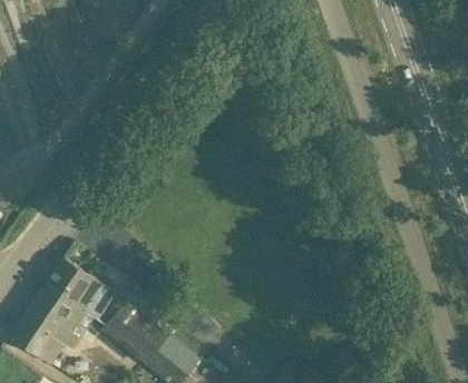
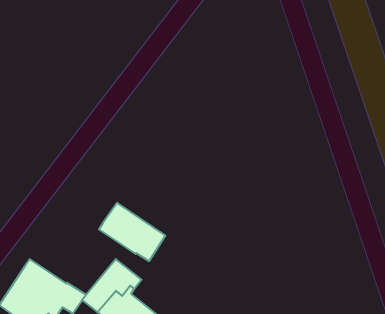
building: [45,257,117,321] -> [99,203,165,261]

